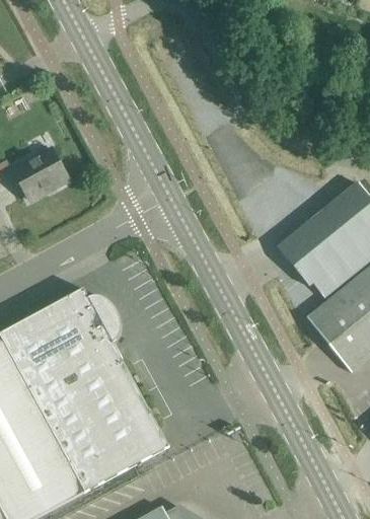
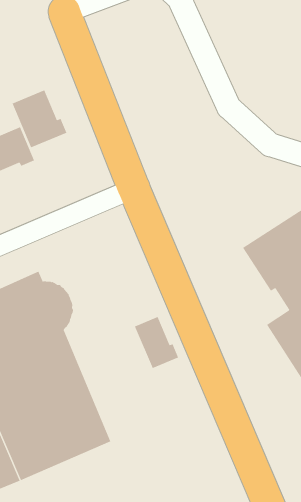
building: none -> [12,89,67,148]
building: none -> [134,316,179,369]

